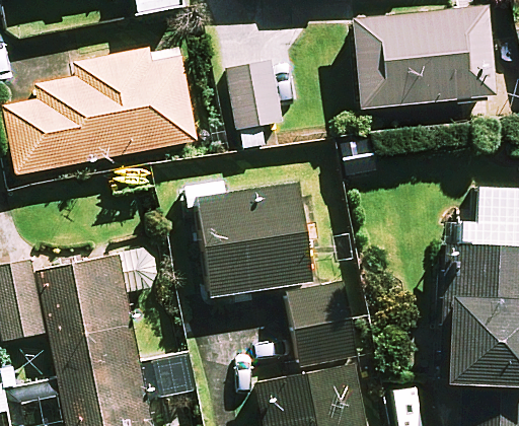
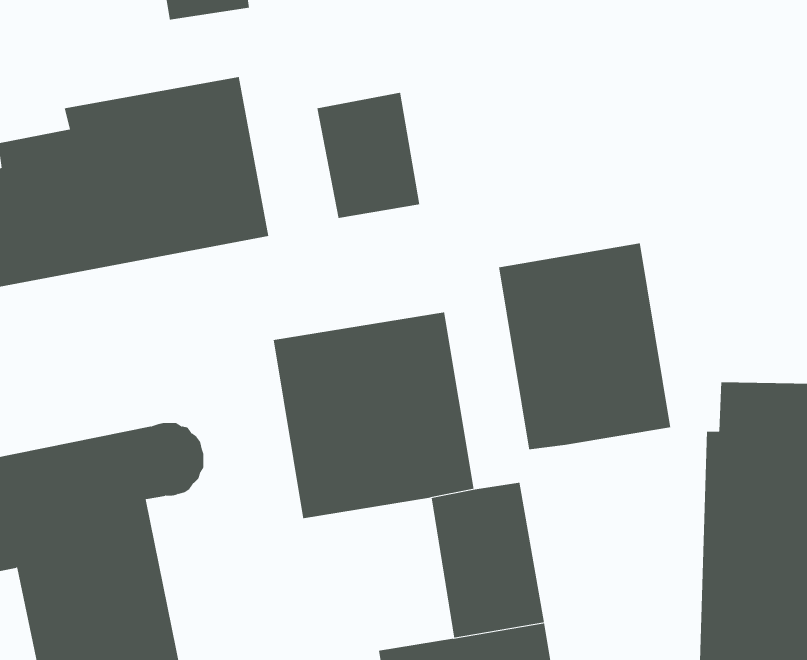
building: [353,9,495,108] -> none
building: none -> [499,242,671,450]

